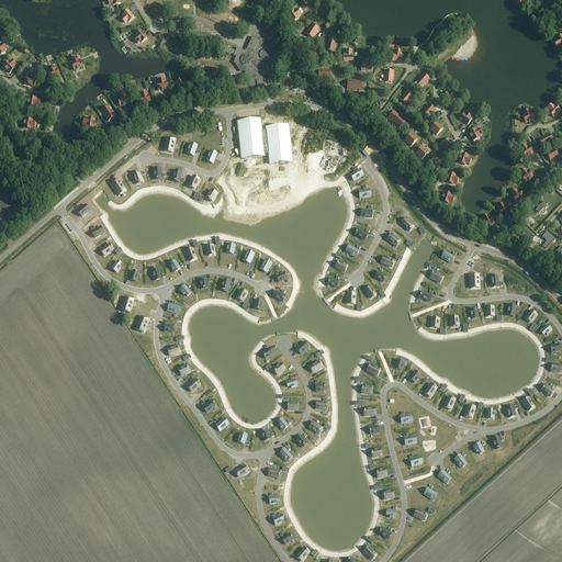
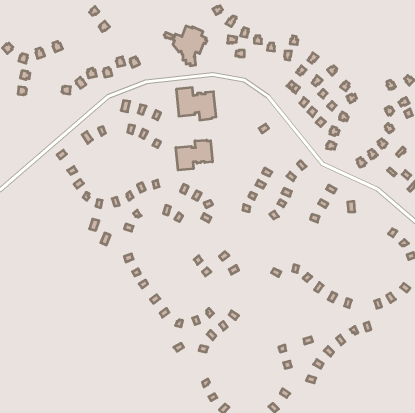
building: none -> [176,140,212,170]

